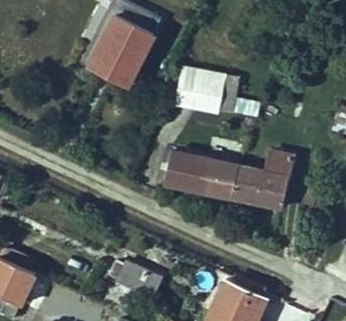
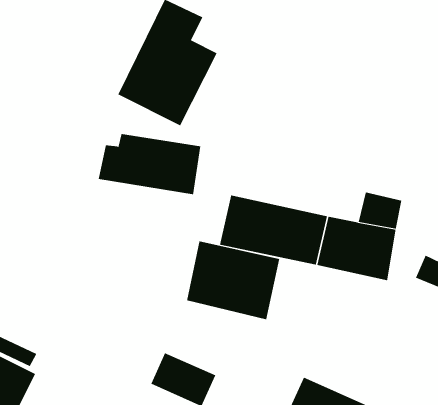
building: [167,64,240,107] -> [98,133,201,195]
building: none -> [187,241,280,320]

